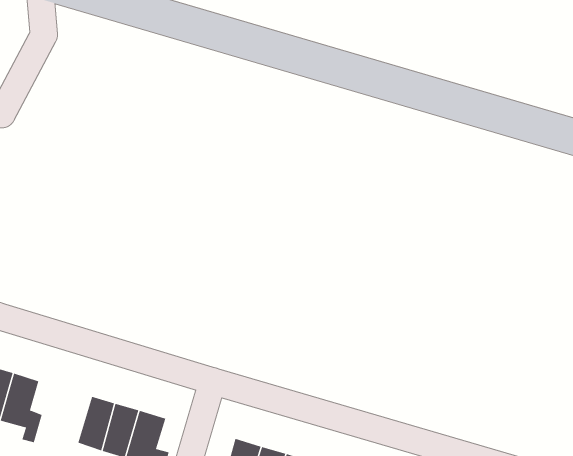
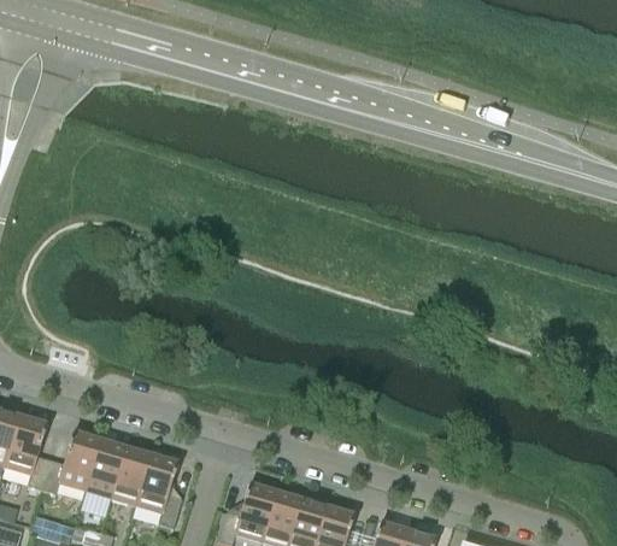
building: none -> [42,430,101,492]

